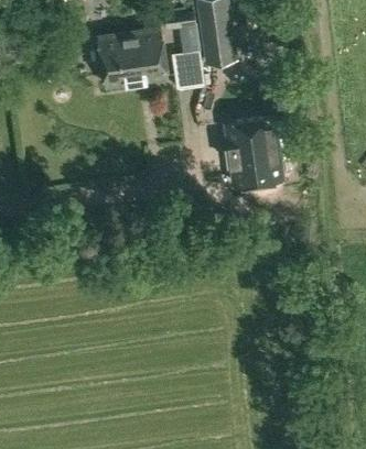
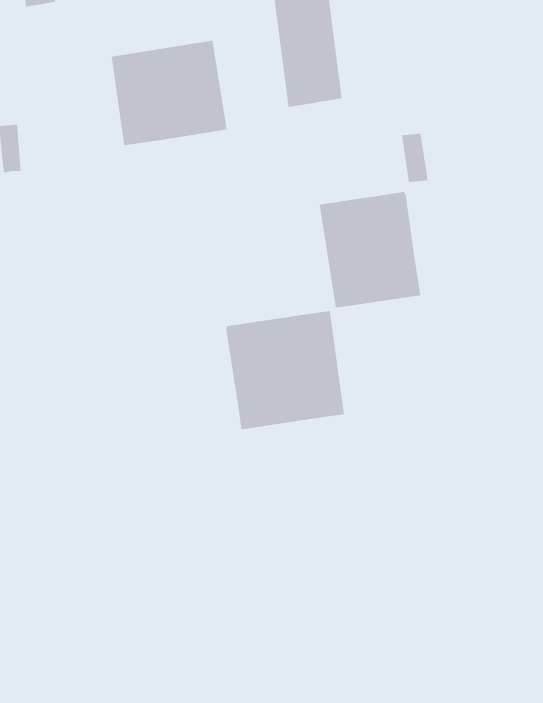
building: [163,13,204,90] -> none
building: none -> [226,310,345,430]

